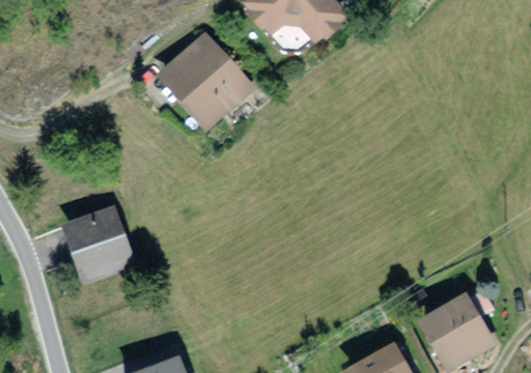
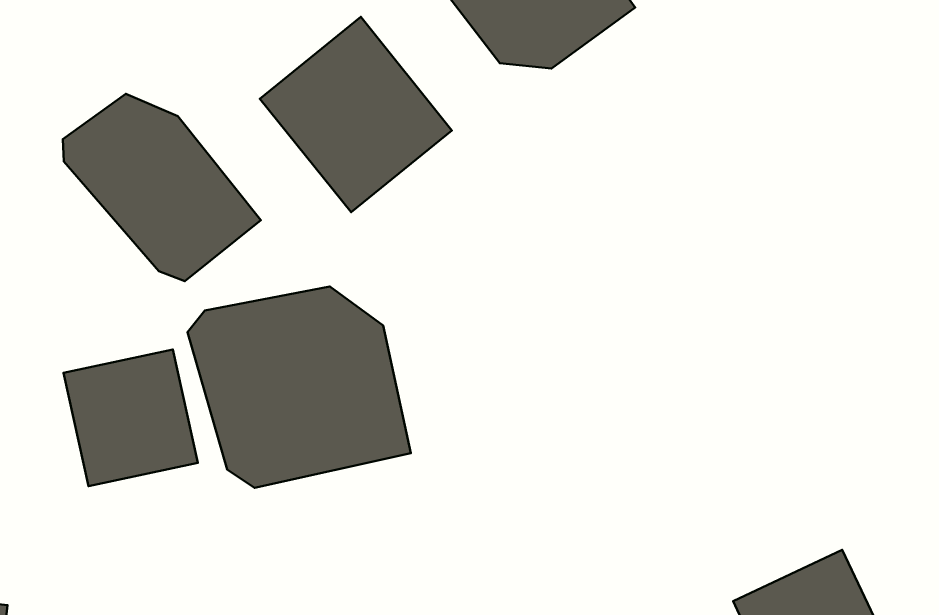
building: none -> [63,94,261,281]
building: none -> [188,287,411,488]

